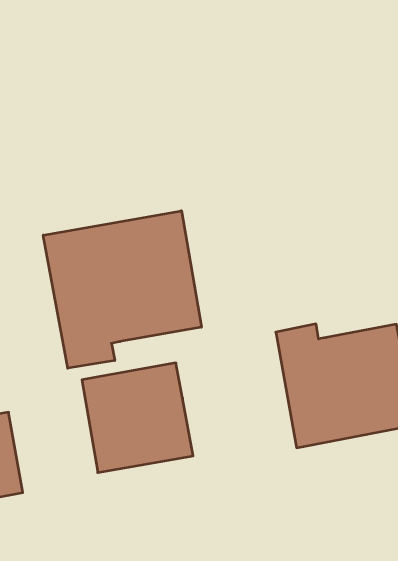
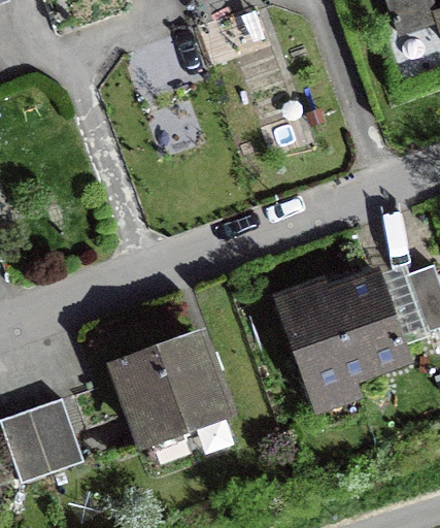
building: [43,211,201,368] -> none

